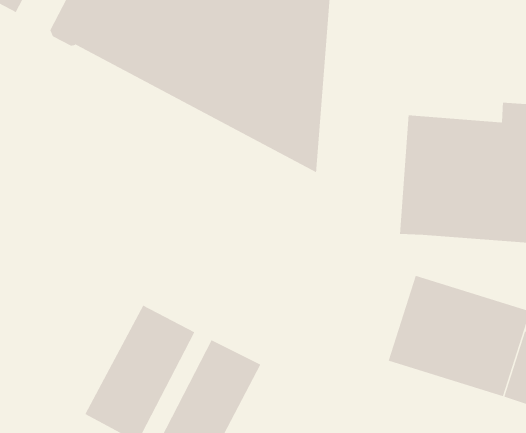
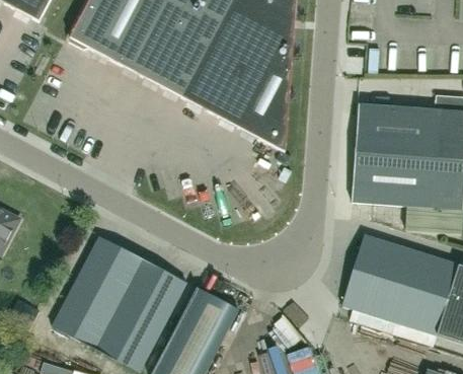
building: none -> [52,236,142,348]

